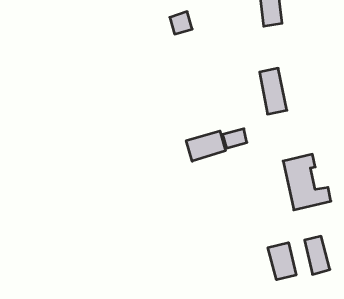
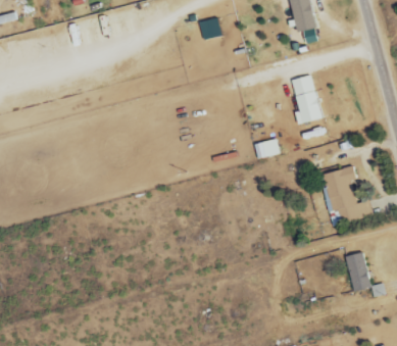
building: [186,131,225,161] -> none
building: [268,243,296,280] -> none

